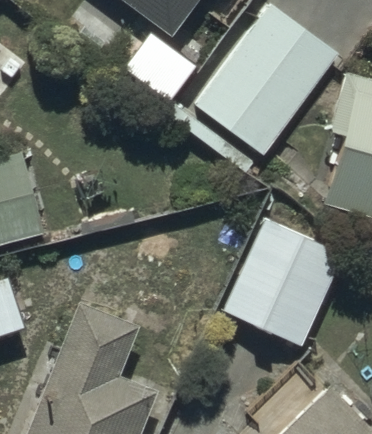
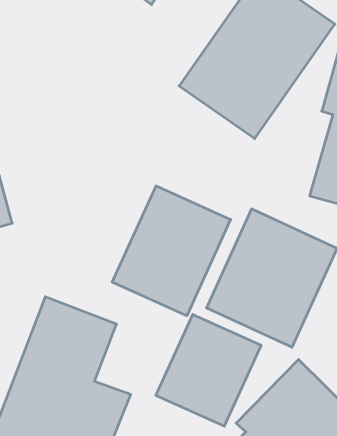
building: none -> [112,186,231,316]
building: none -> [156,314,261,426]

